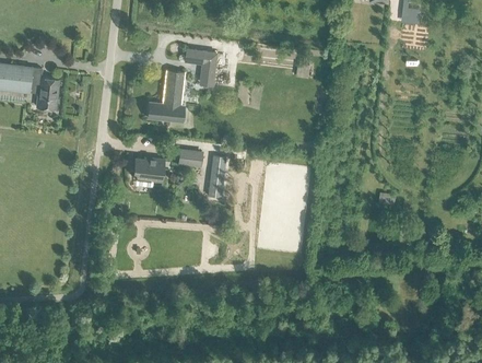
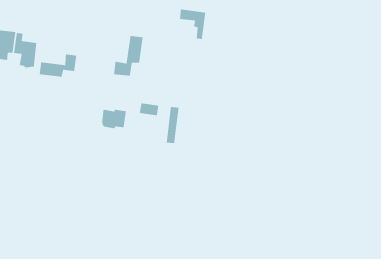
building: [185,49,216,86] -> [179,8,206,40]
building: none -> [39,54,77,77]

